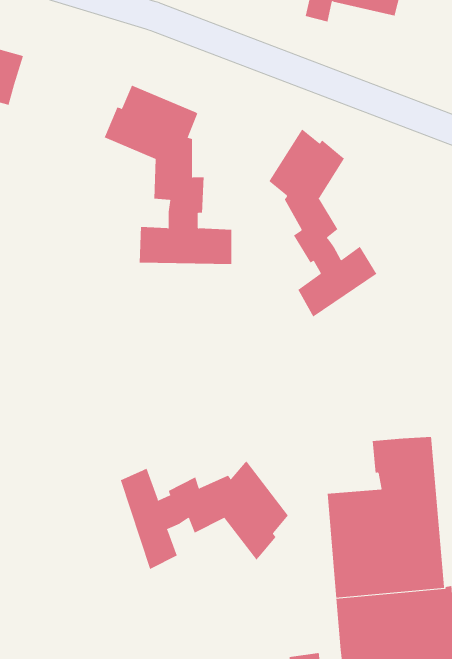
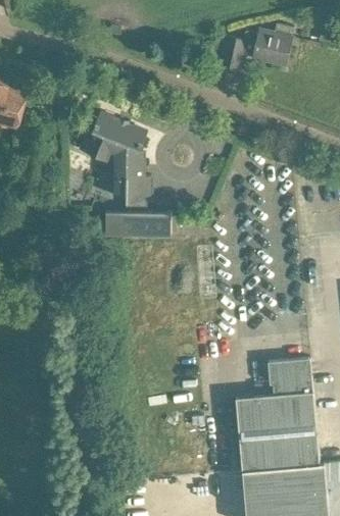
building: [268,129,377,317] -> none
building: [120,460,288,570] -> none

